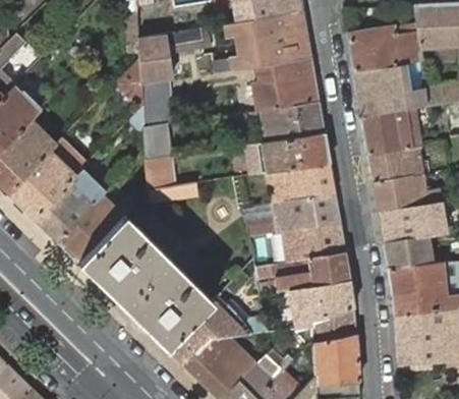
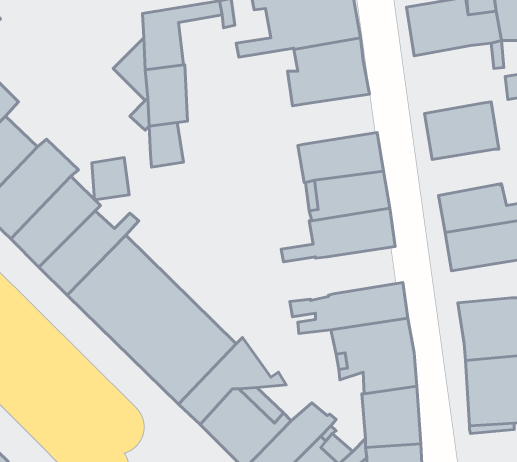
building: [354,64,408,118] -> none
building: [265,103,325,142] -> none
building: [368,147,422,183] -> none
building: [146,157,175,190] -> [92,158,129,200]
building: [285,224,345,262] -> none
building: [384,236,432,269] -> none

